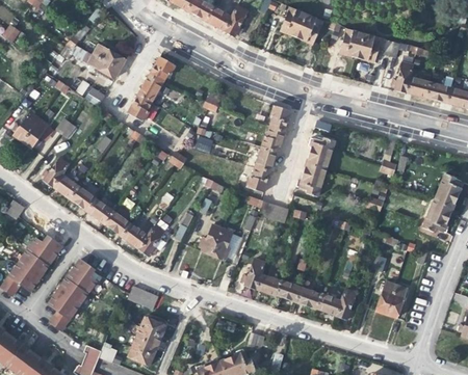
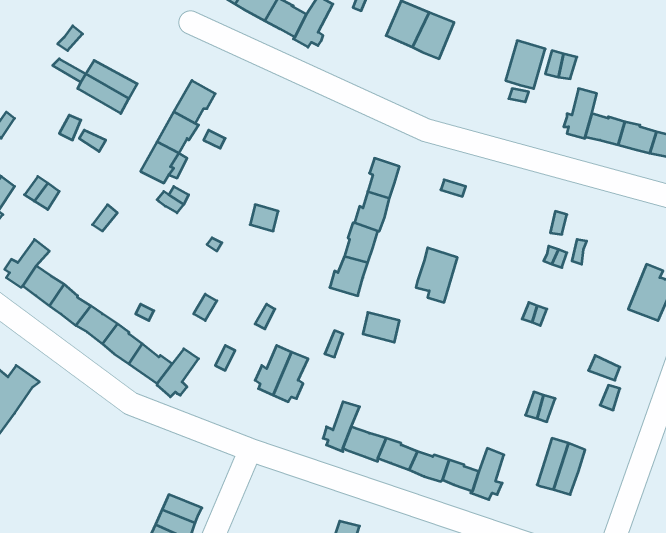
building: [339,28,363,57] -> none
building: [307,137,334,168] -> none
building: [422,200,451,232] -> none
building: [49,259,97,329] -> none
building: [128,285,158,310] -> none

